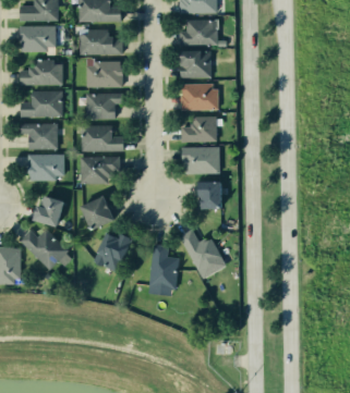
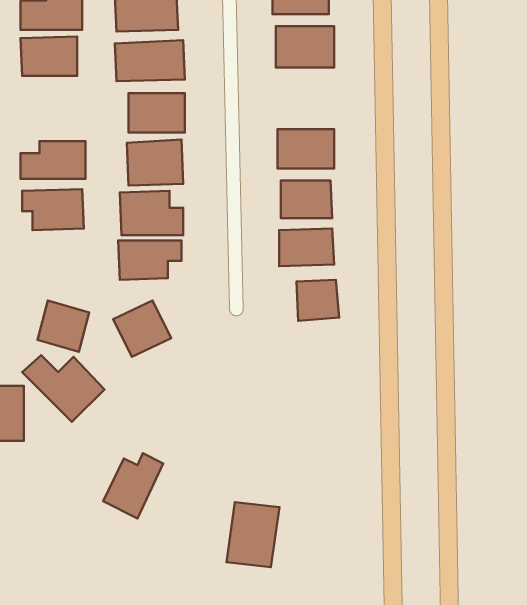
building: [179,51,215,78] -> none
building: [20,57,62,87] -> none
building: [27,156,65,182] -> none
building: [182,228,229,280] -> none
building: [92,231,130,272] -> [103,453,163,518]
building: [147,248,181,290] -> [226,502,280,567]

